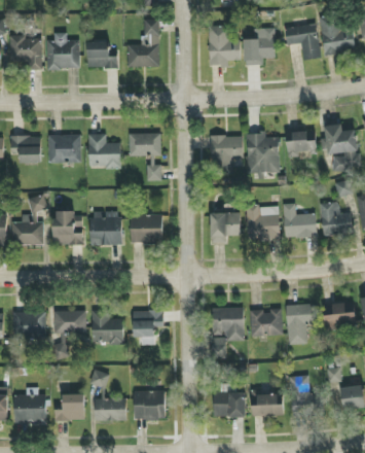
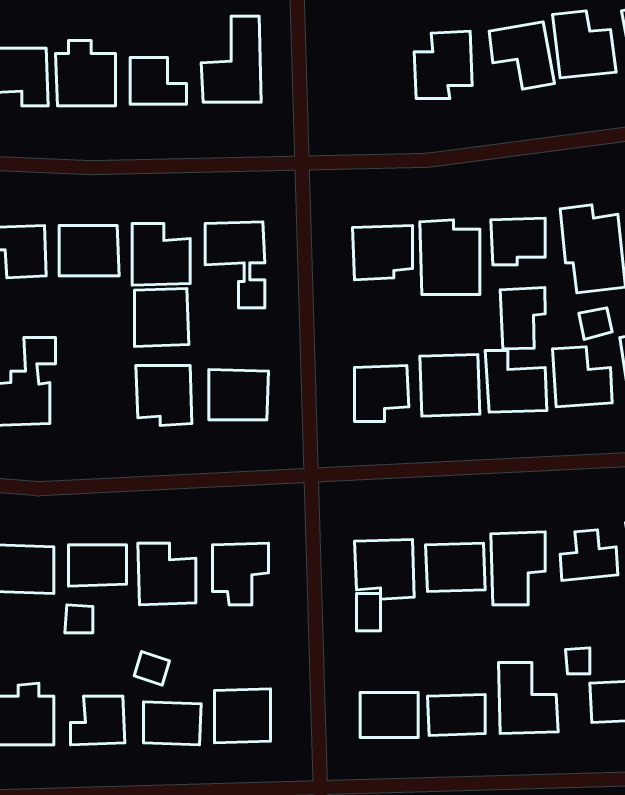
building: [208,26,241,66] -> none
building: none -> [500,288,545,349]
building: [53,212,83,244] -> [135,288,189,346]

